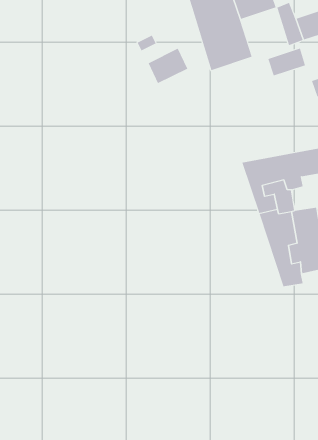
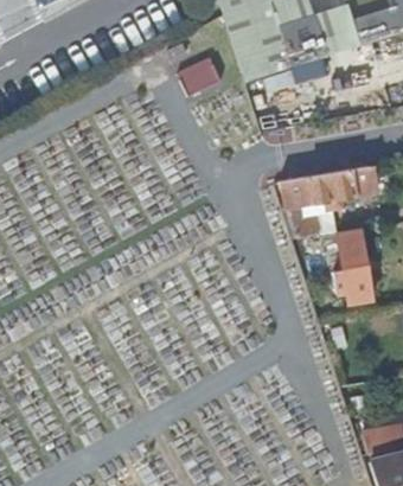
building: none -> [277,13,330,66]

